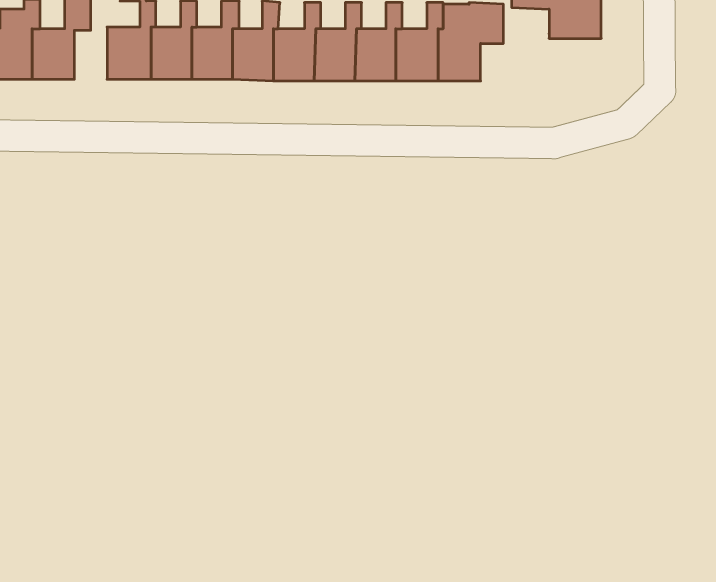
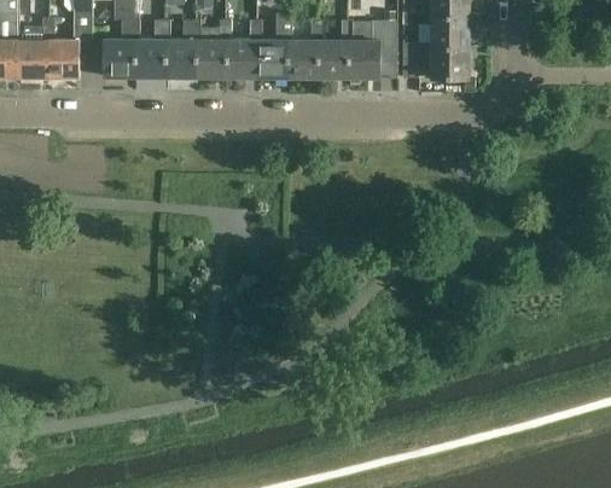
building: none -> [401,41,469,77]

